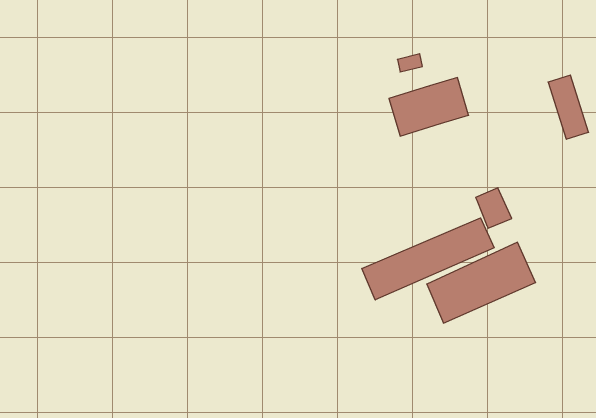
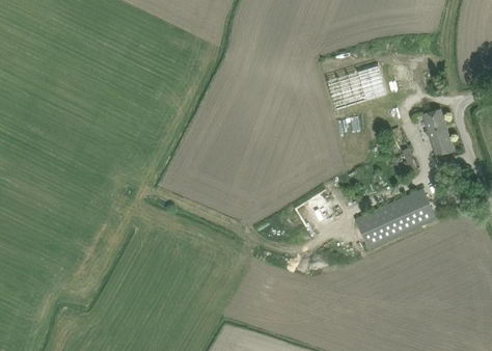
building: [548,75,589,139] -> [422,108,453,156]
building: [362,218,494,300] -> none

